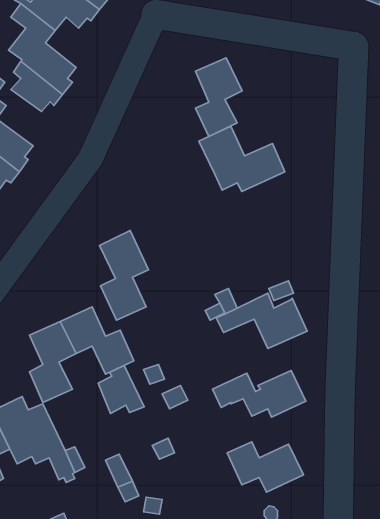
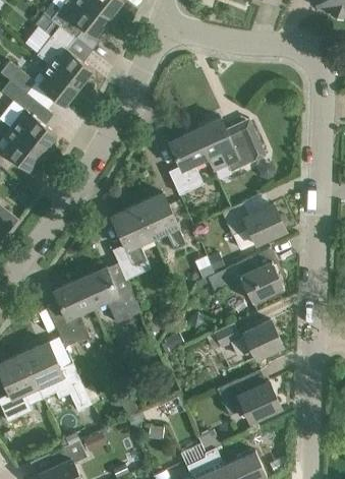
building: [195,58,242,136] -> [169,130,208,195]
building: none -> [137,193,186,248]
building: none -> [221,202,289,250]
building: [98,365,144,413] -> none

